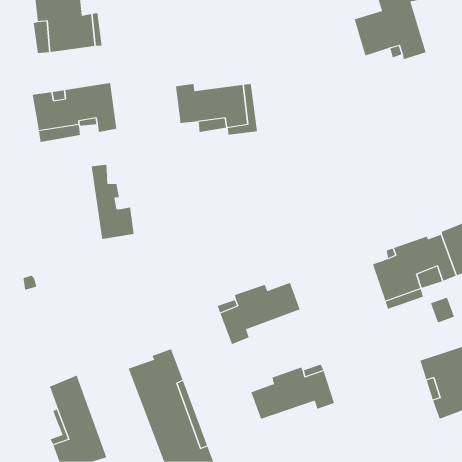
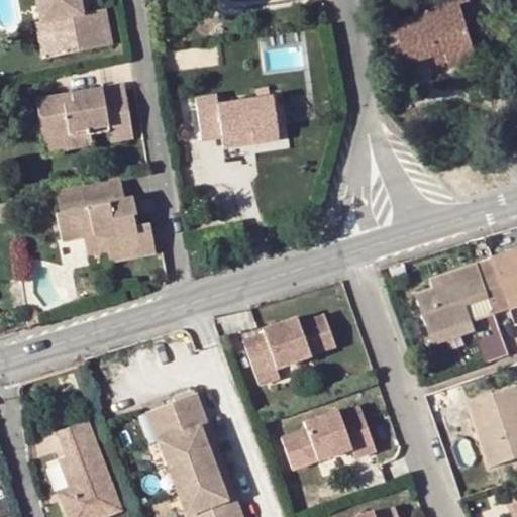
building: none -> [55,185,115,268]

